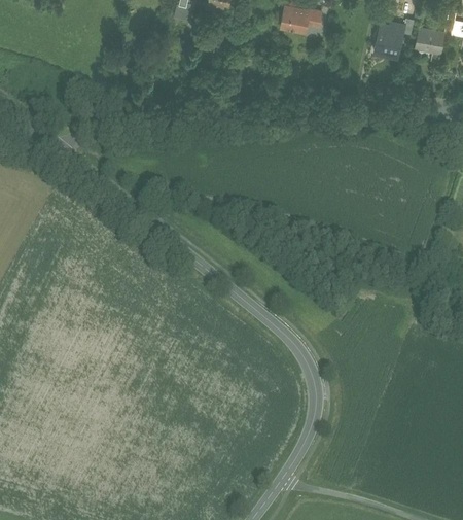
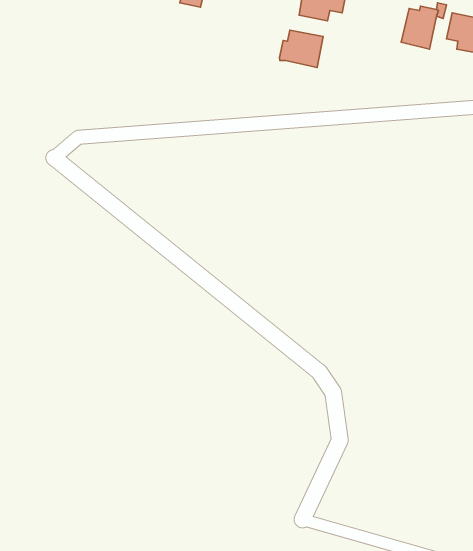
building: none -> [280,30,323,67]

